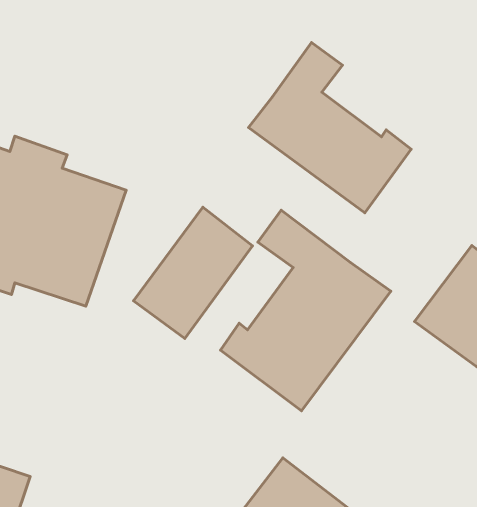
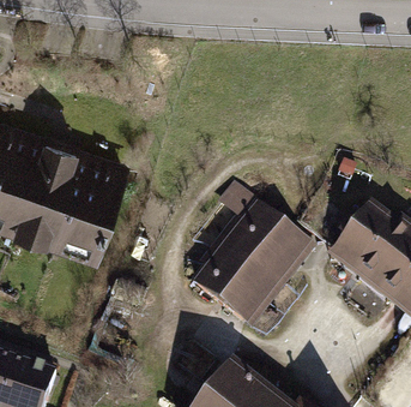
building: [248,42,411,213] -> none
building: [134,207,253,339] -> none

